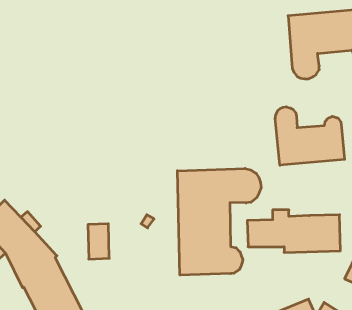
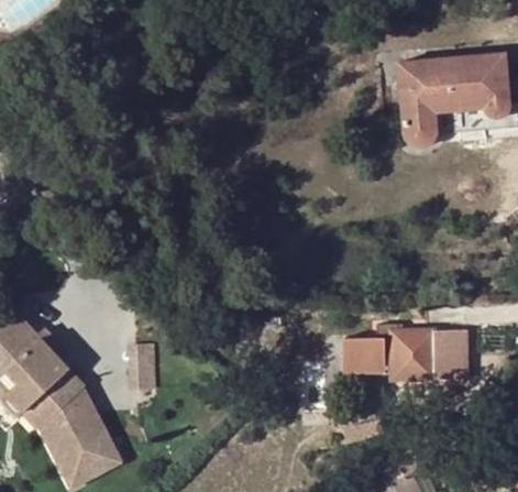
building: [275,107,345,165] -> none
building: [177,168,261,275] -> none

